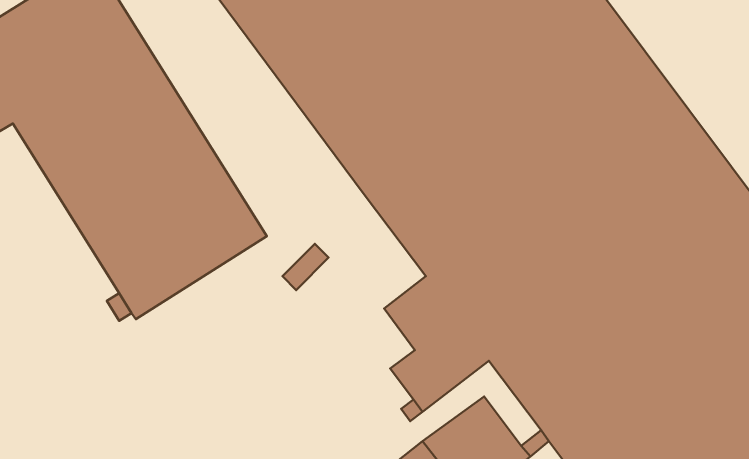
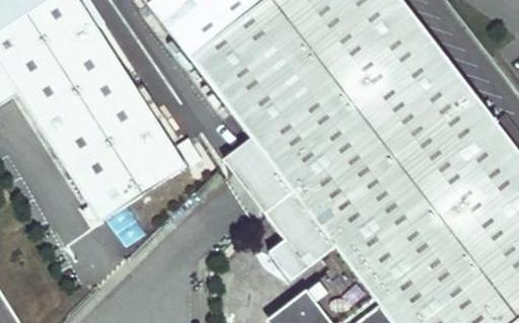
building: none -> [223,139,291,214]

